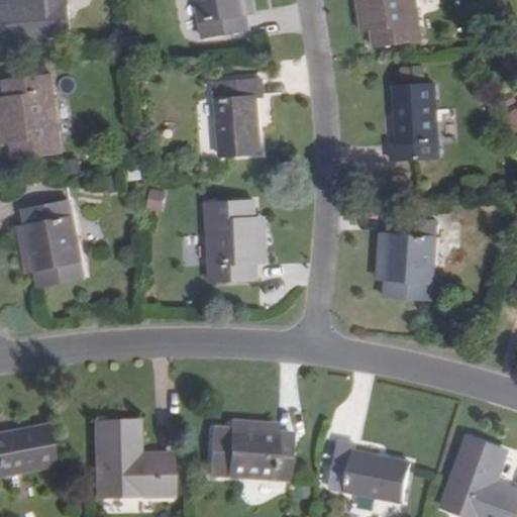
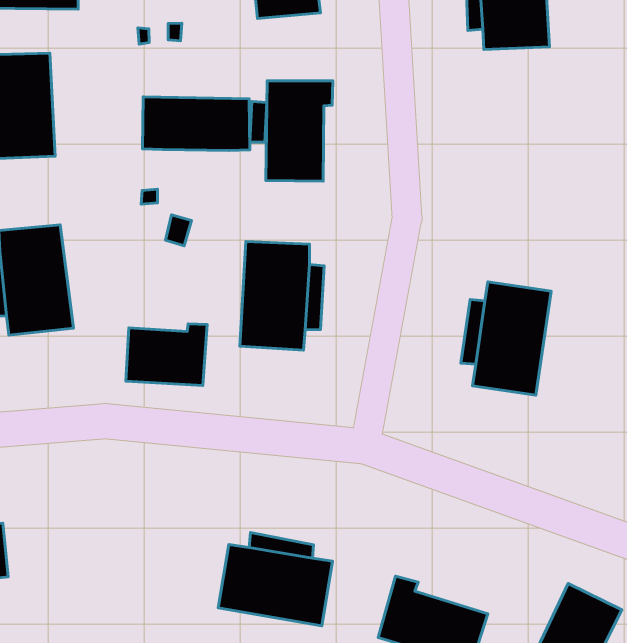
building: [389,84,438,159] -> none
building: none -> [143,97,250,150]
building: none -> [126,324,207,386]
building: [93,421,171,497] -> none

